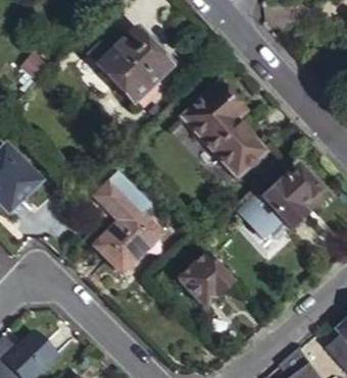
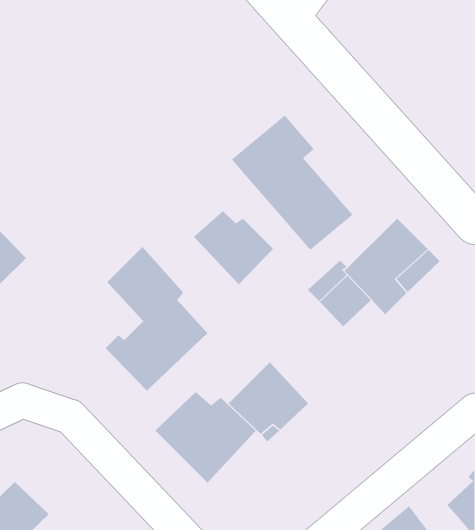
building: [84,26,170,102] -> none
building: none -> [193,210,274,285]
building: none -> [155,391,256,483]

